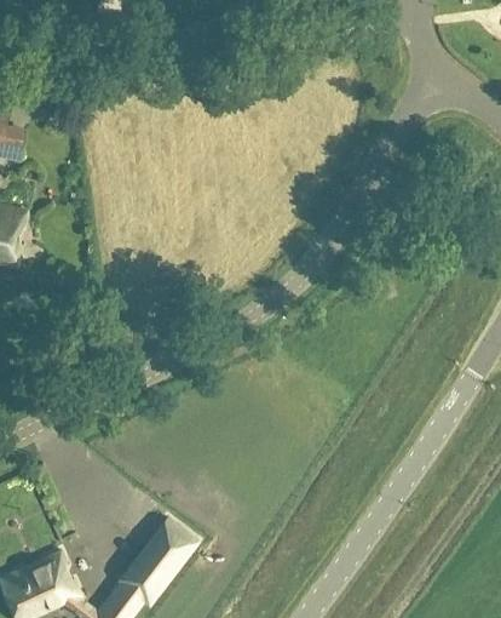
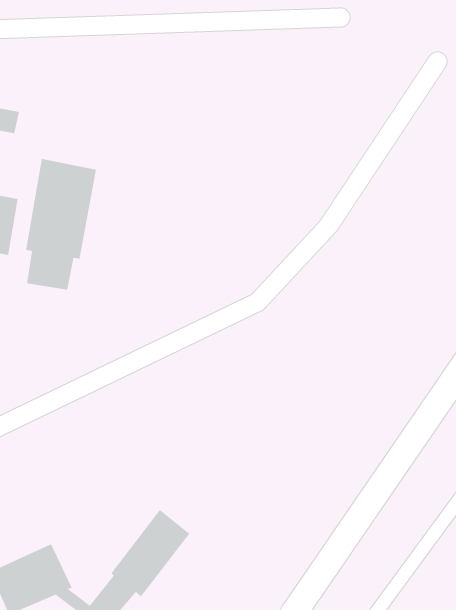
building: none -> [25,158,97,290]

